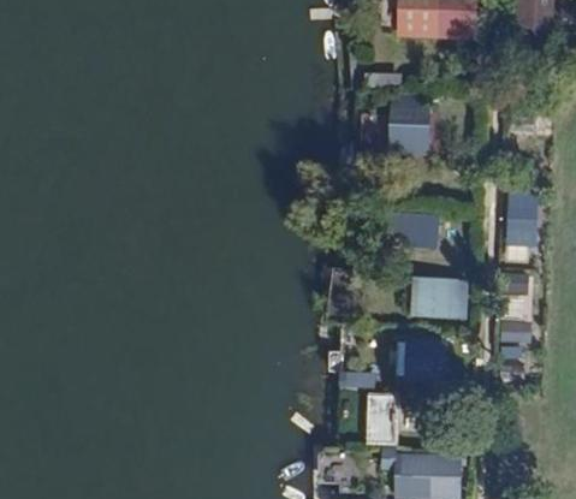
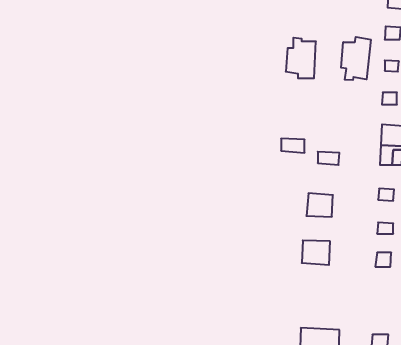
building: none -> [341,37,371,80]
building: [367,397,399,444] -> none

